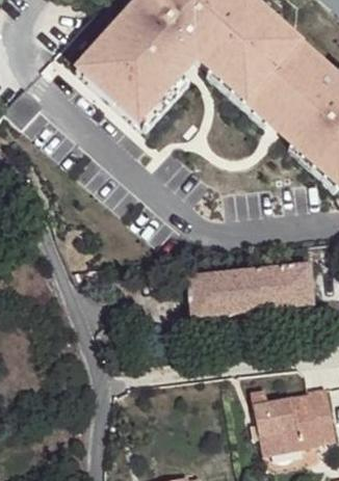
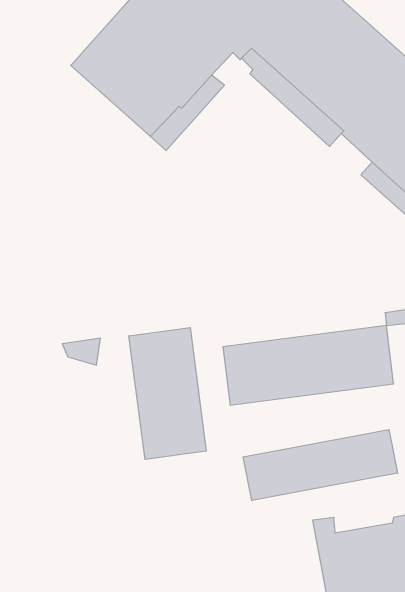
building: none -> [129,327,206,459]
building: none -> [243,430,398,501]

